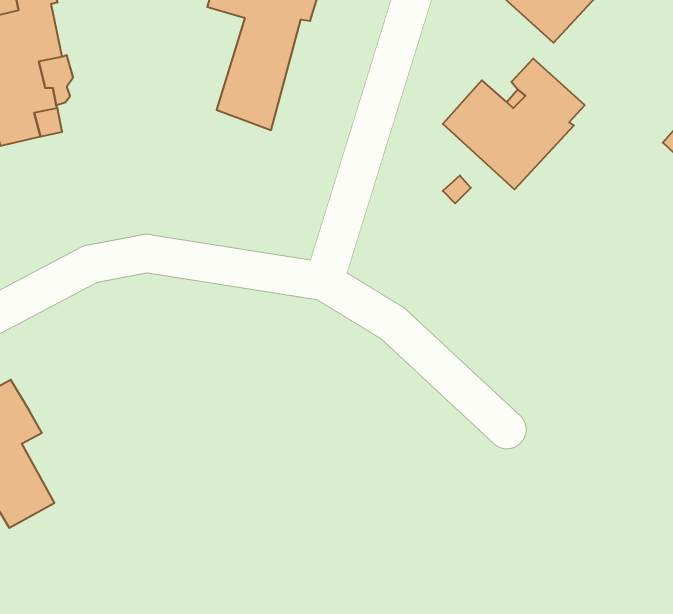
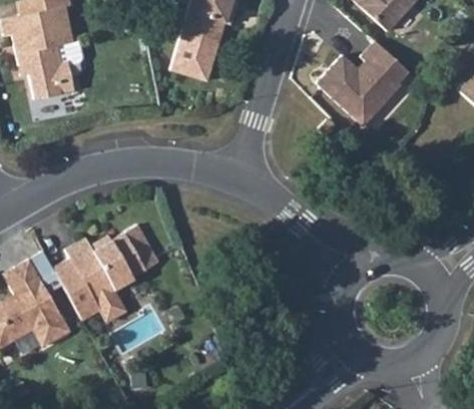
building: none -> [52,225,156,322]

